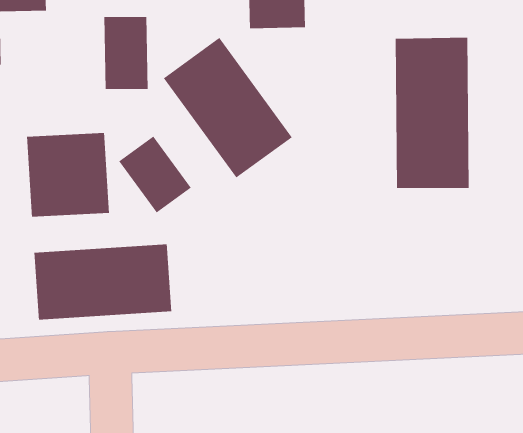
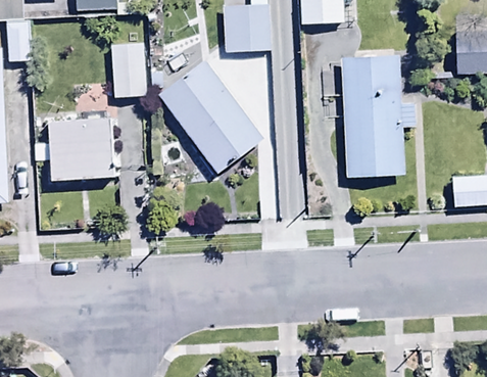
building: [118,135,192,214] -> none
building: [34,244,172,320] -> none

